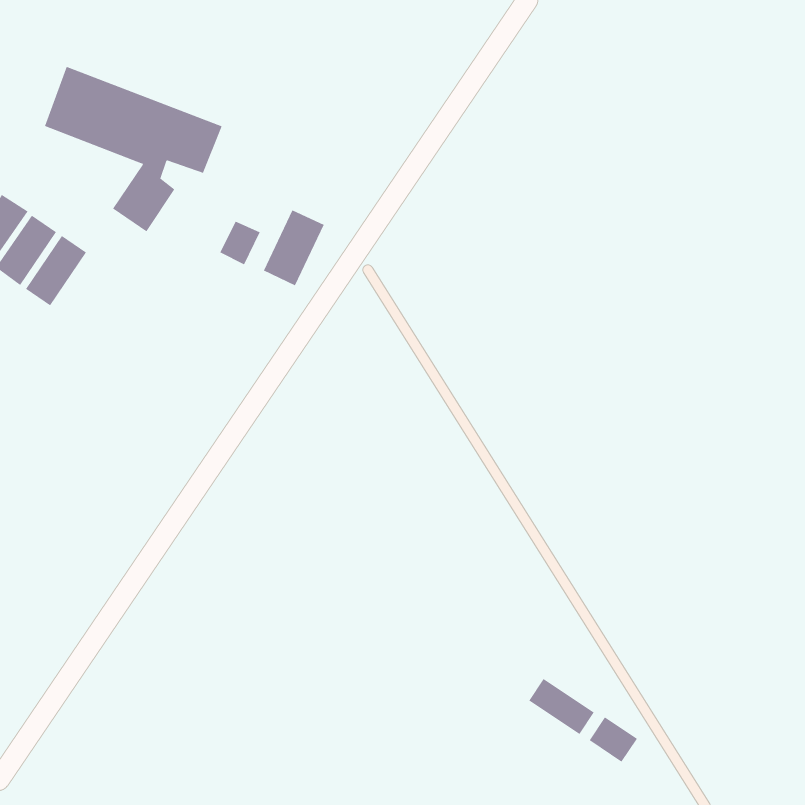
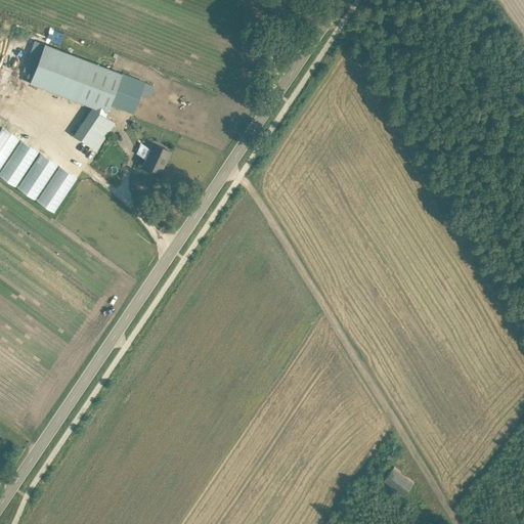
building: [263,210,325,286] -> none
building: none -> [36,166,76,212]
building: [528,678,595,735] -> none

